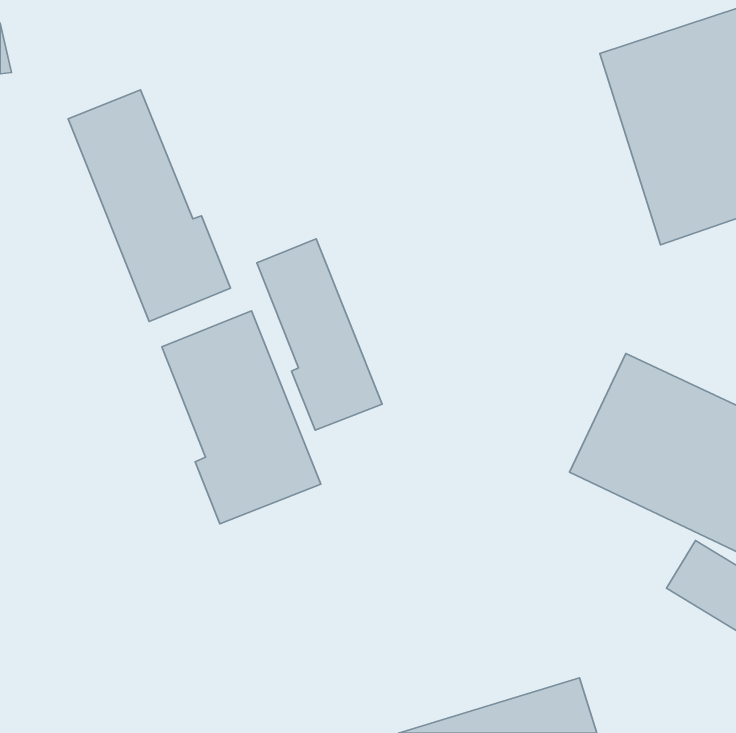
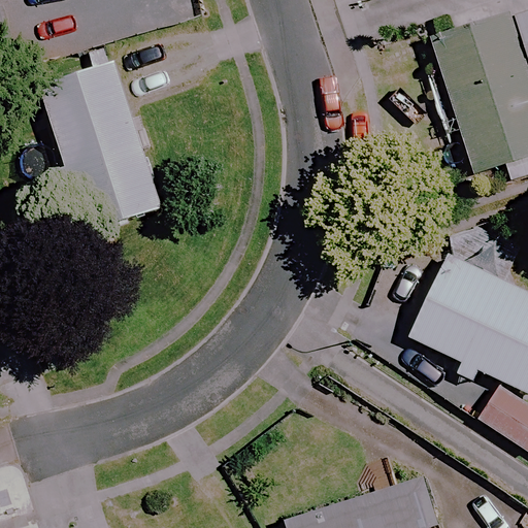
building: [257,239,382,430] -> none
building: [162,311,321,524] -> none

